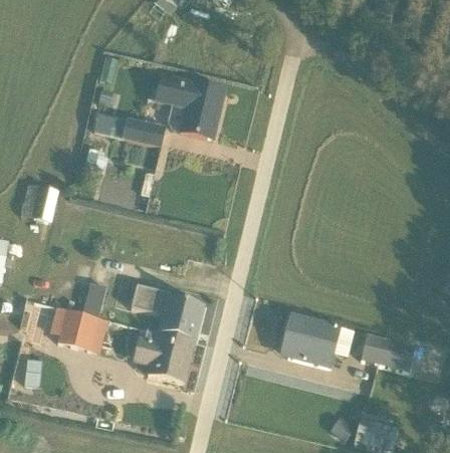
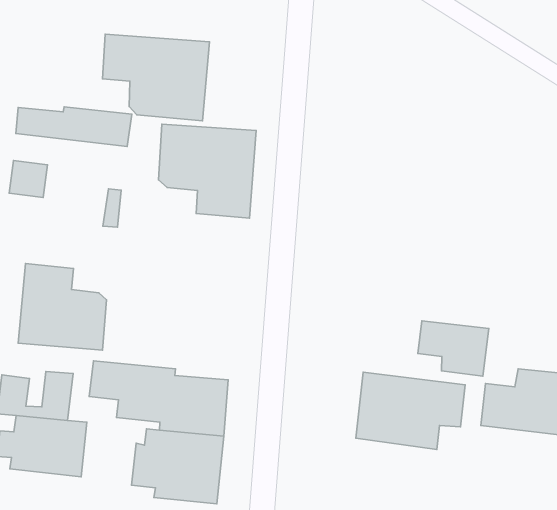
building: none -> [159,124,256,218]
building: none -> [18,264,106,350]
building: none -> [418,321,489,376]

